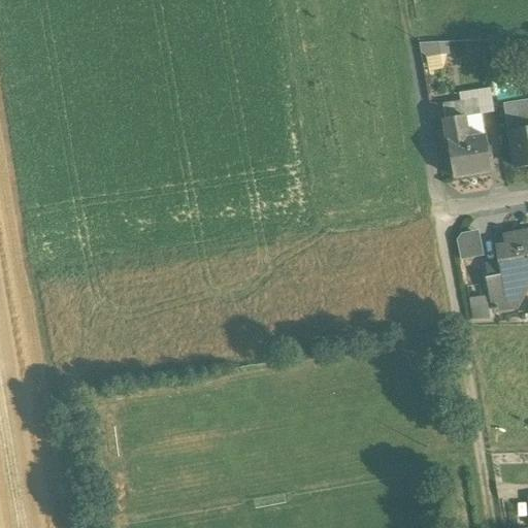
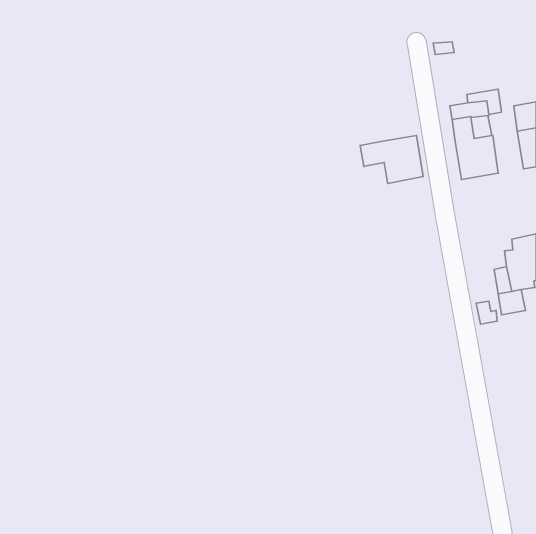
building: none -> [360,136,423,184]
building: [457,230,483,258] -> none

